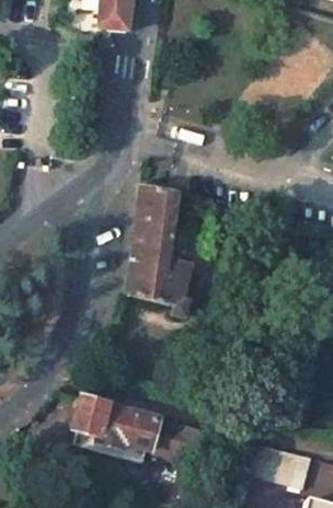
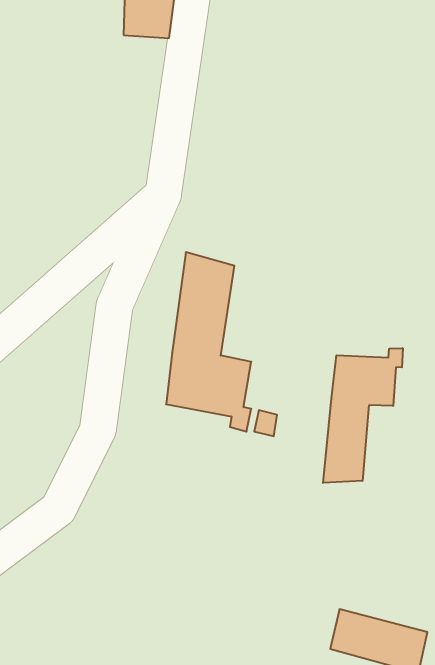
building: none -> [323,348,403,483]
building: [71,397,208,464] -> none

